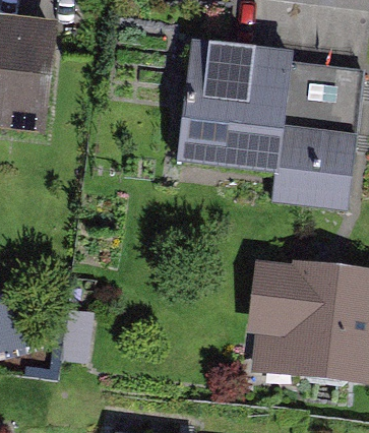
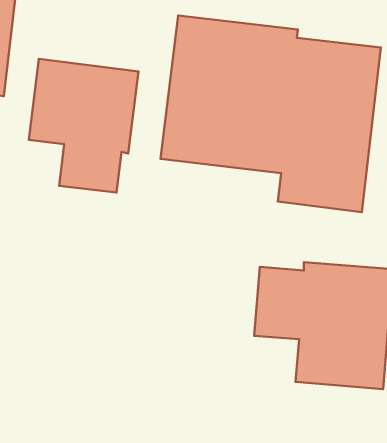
building: none -> [29,59,138,193]

